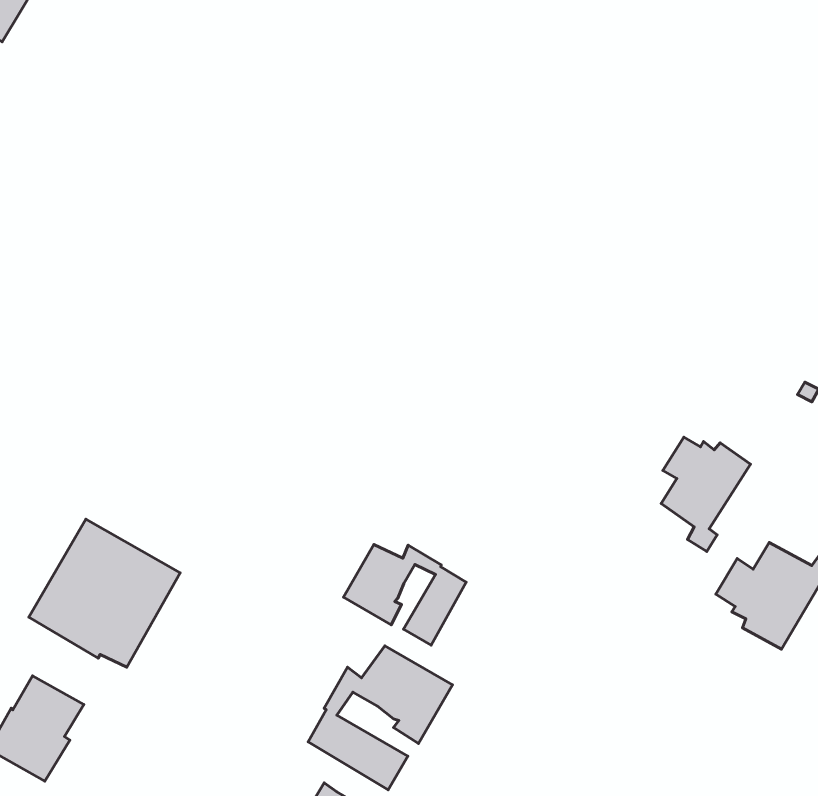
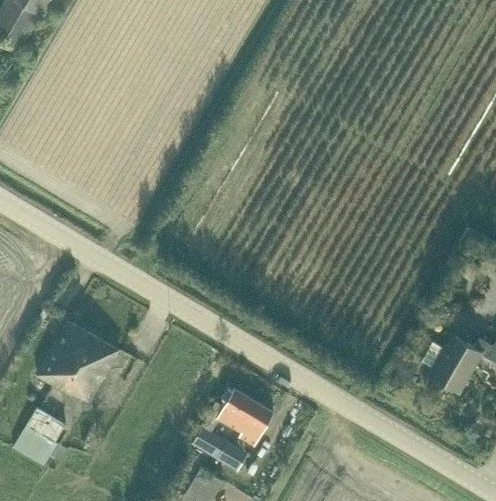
building: [661,437,751,552] -> none
building: [343,545,466,645] -> none

